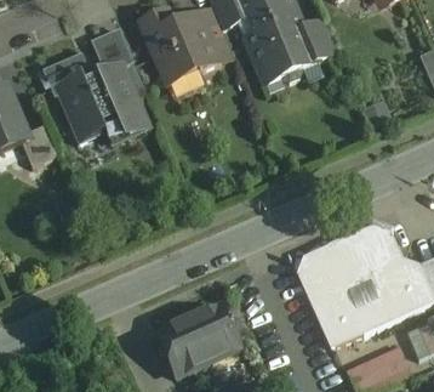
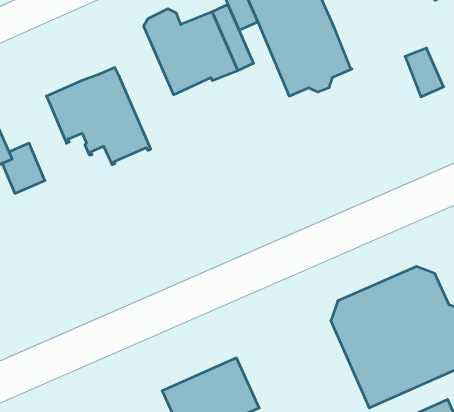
building: [303,18,336,59] -> [405,48,444,97]
building: [92,30,133,66] -> none
building: [42,51,88,95] -> none

